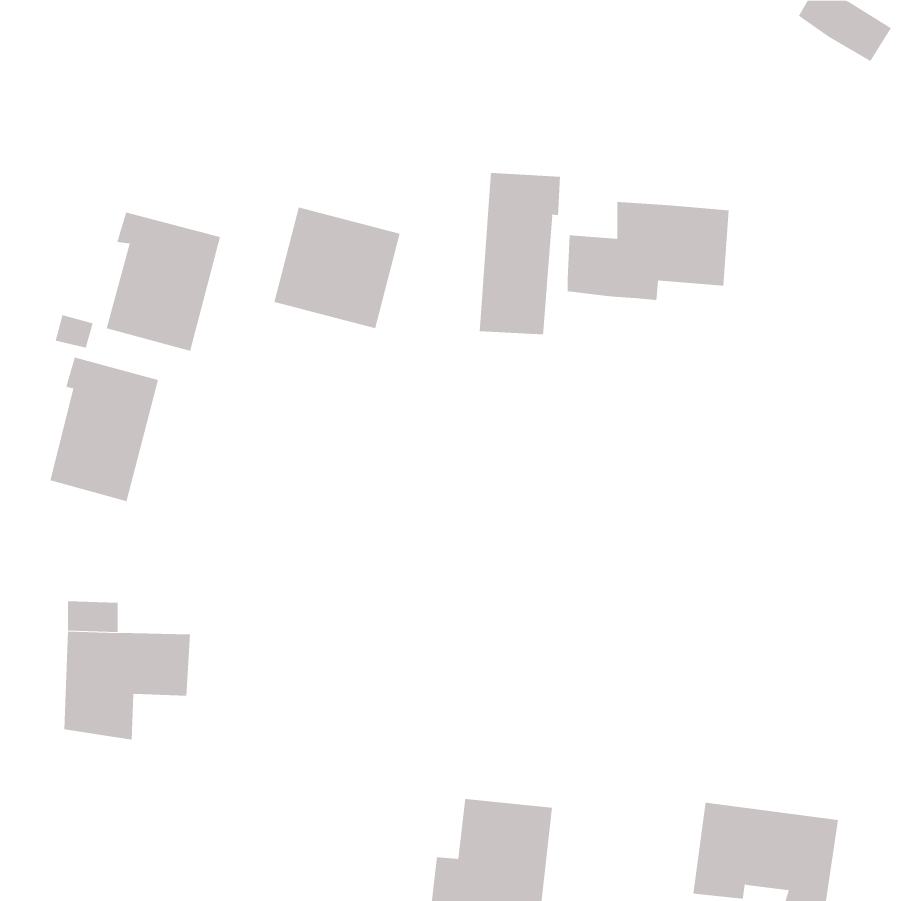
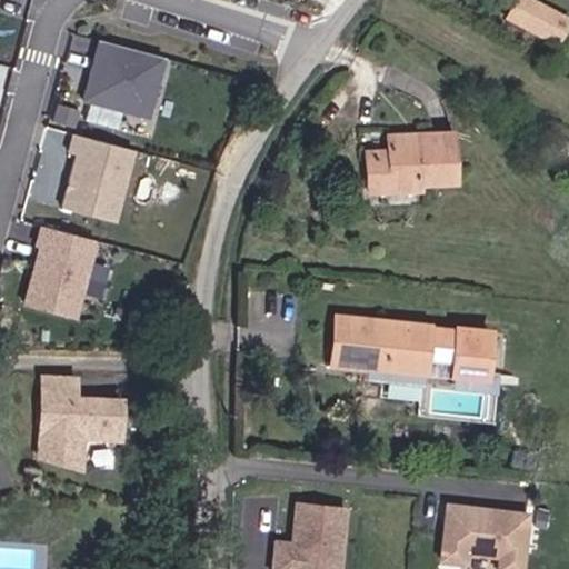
building: [479,172,561,335] -> none
building: [273,207,401,329] -> [89,41,169,118]
building: none -> [327,311,491,391]

